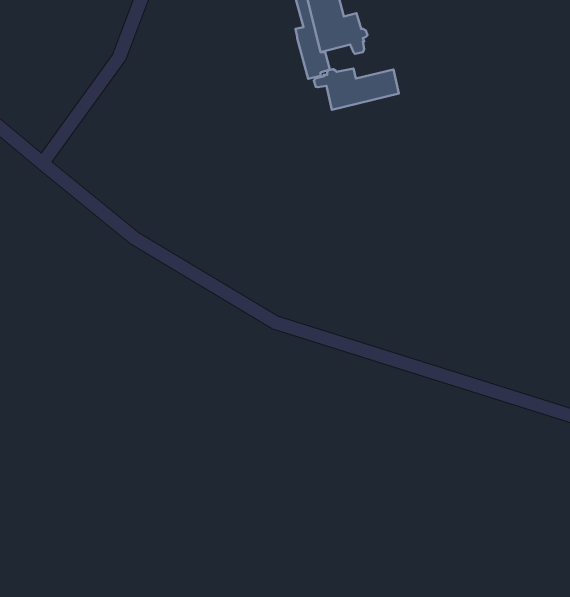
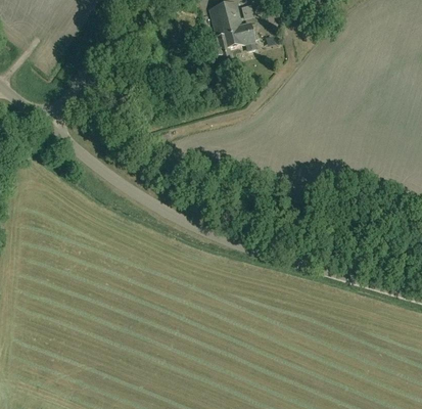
building: [314,68,399,110] -> none

